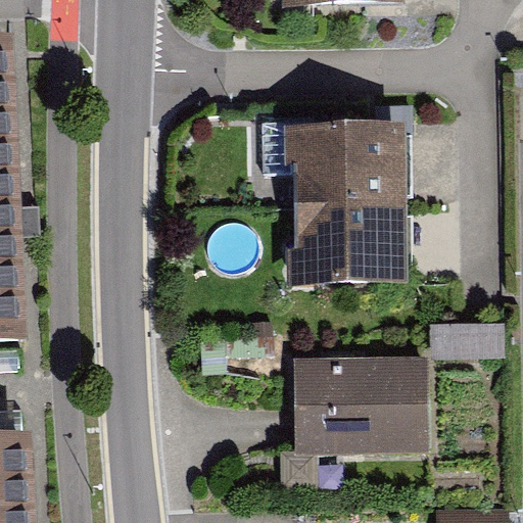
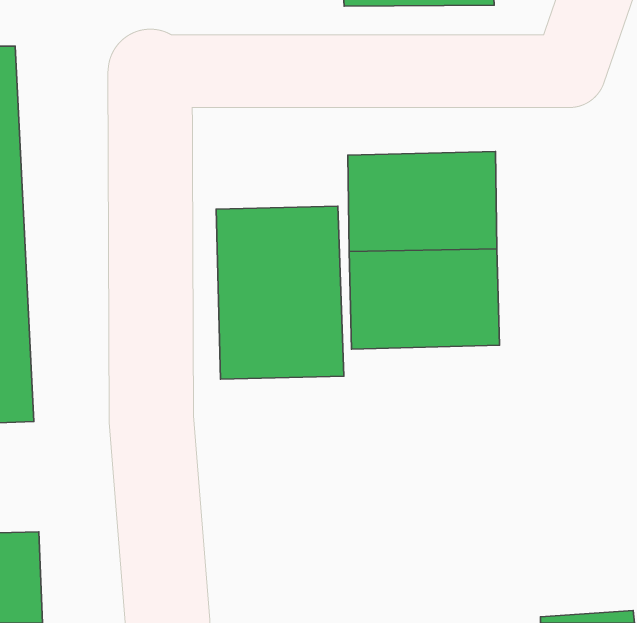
building: none -> [216,206,344,379]
building: [293,351,429,449] -> none

